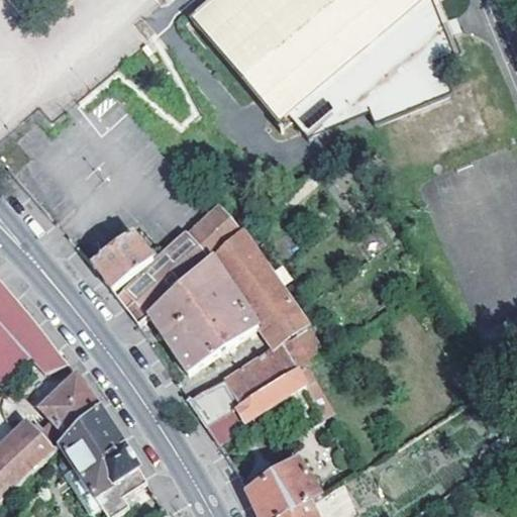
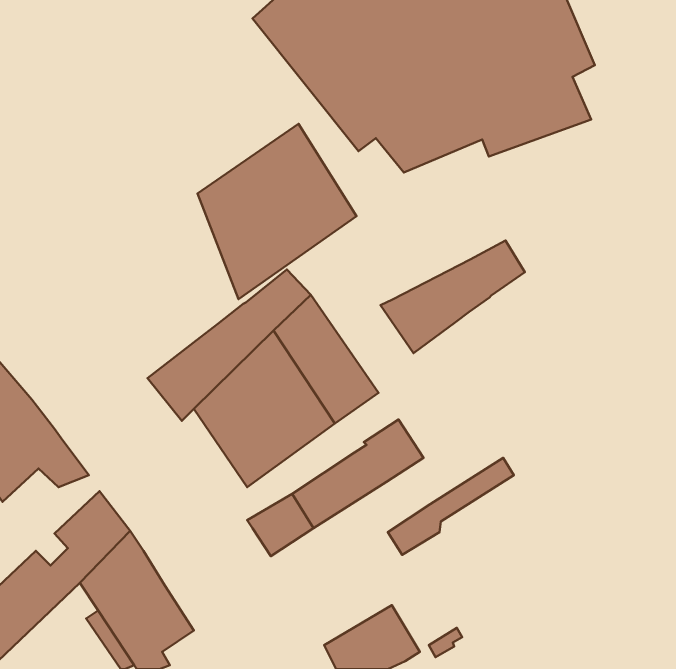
building: none -> [197,124,356,299]
building: none -> [381,241,525,353]
building: [91,231,152,288] -> none
building: [254,299,303,344] -> none
building: [206,367,302,440] -> [388,458,514,555]

